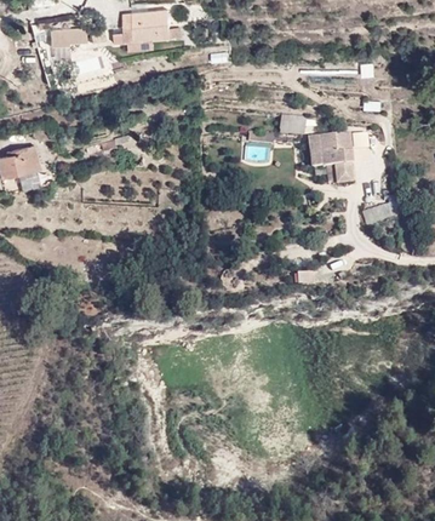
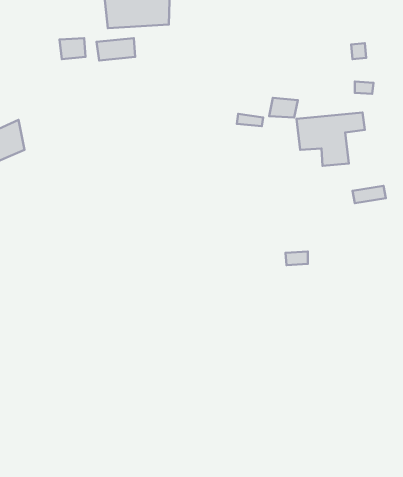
building: [47,25,85,47] -> [97,38,135,60]

